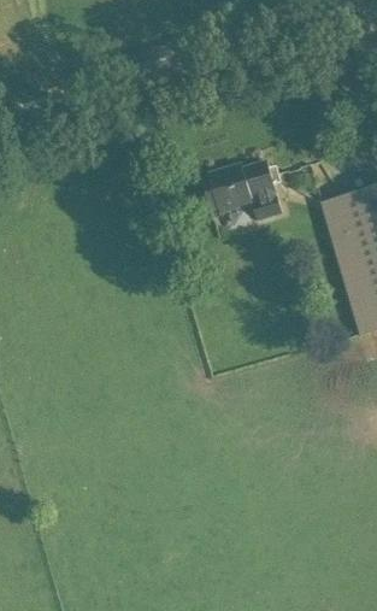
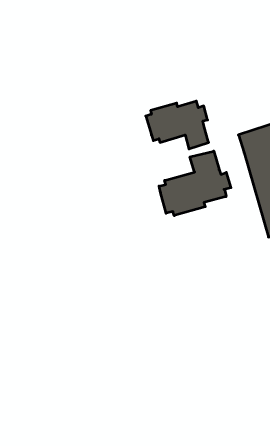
building: none -> [159,151,231,216]

